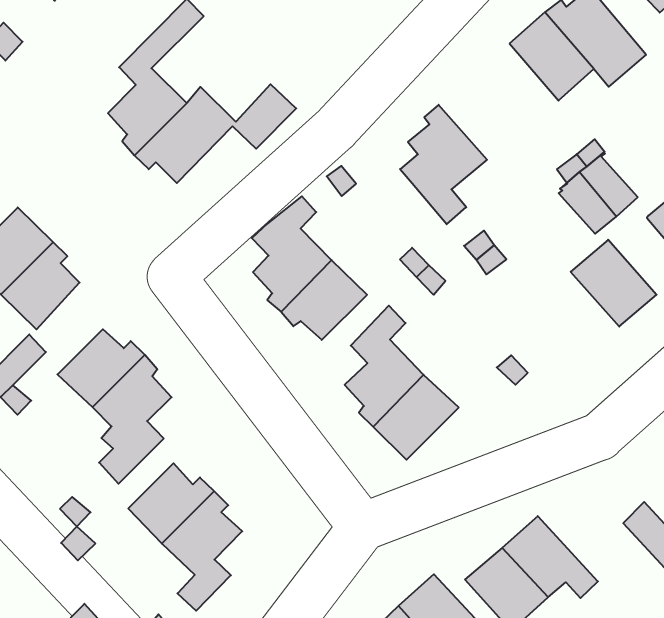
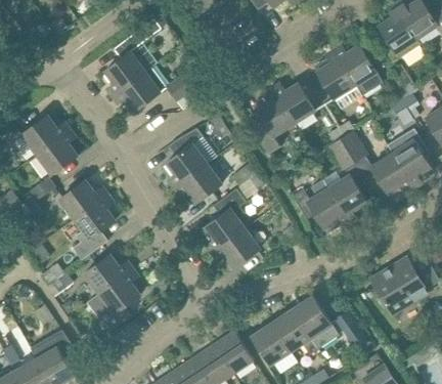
building: none -> [273,83,315,124]
building: none -> [292,179,348,232]
building: none -> [292,295,338,347]

